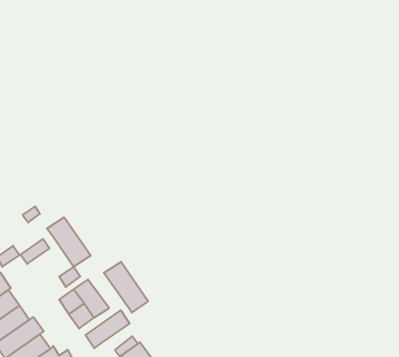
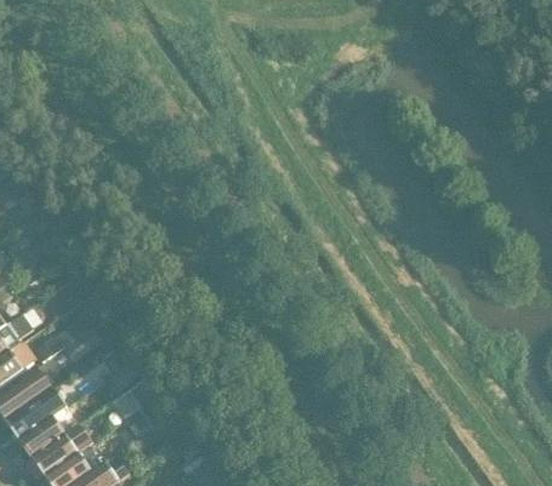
building: [47,217,91,267] -> none
building: [104,262,148,313] -> none
building: [85,310,130,348] -> none

